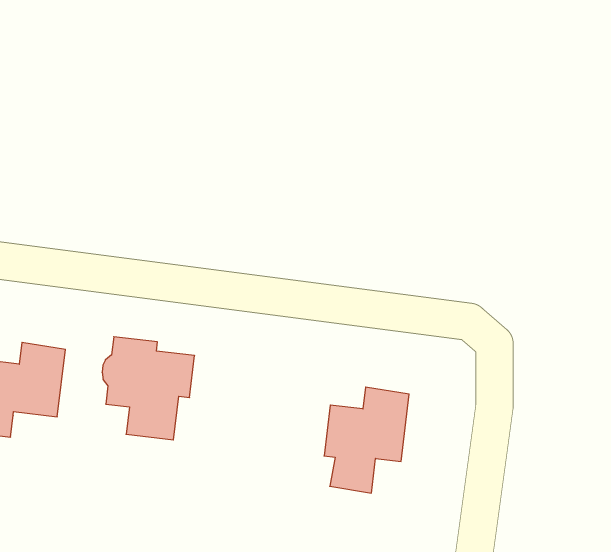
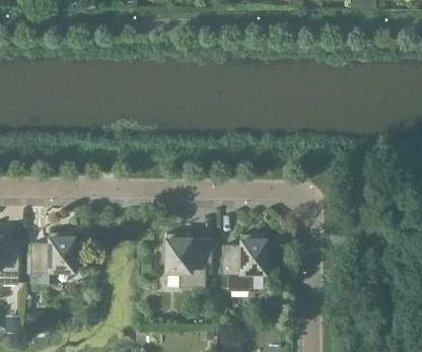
building: [102,337,195,440] -> [161,233,211,286]

